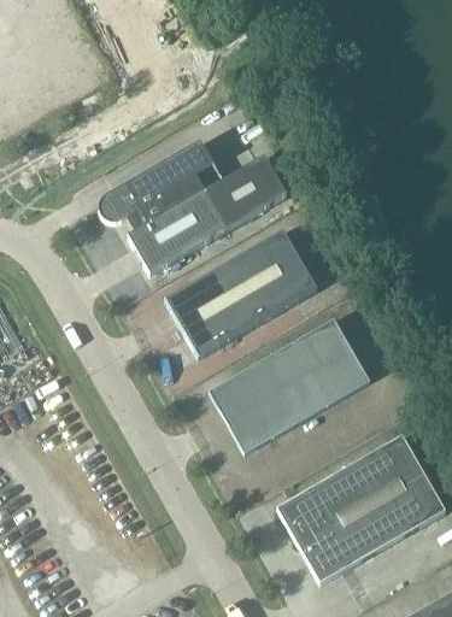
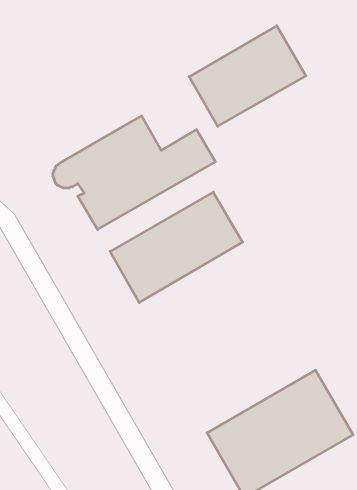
building: none -> [189,26,306,126]
building: [210,318,371,453] -> none

